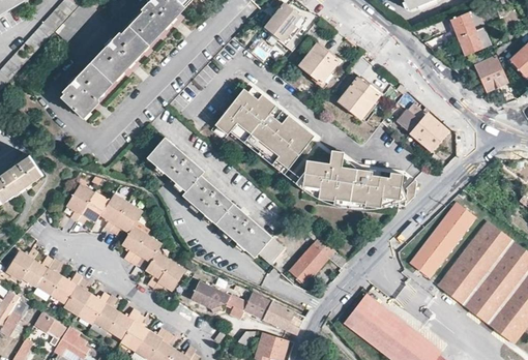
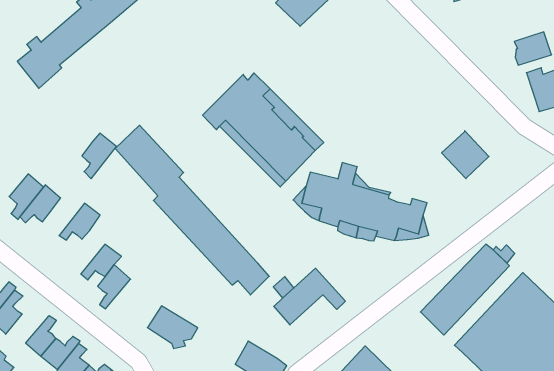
building: [448,8,483,37] -> none
building: [300,41,341,81] -> none
building: [339,74,381,117] -> none
building: [399,103,427,132] -> none
building: [101,194,128,232] -> [82,133,117,179]
building: [123,226,148,261] -> none
building: [153,261,185,292] -> none
building: [226,291,271,320] -> none
building: [77,294,109,325] -> none

